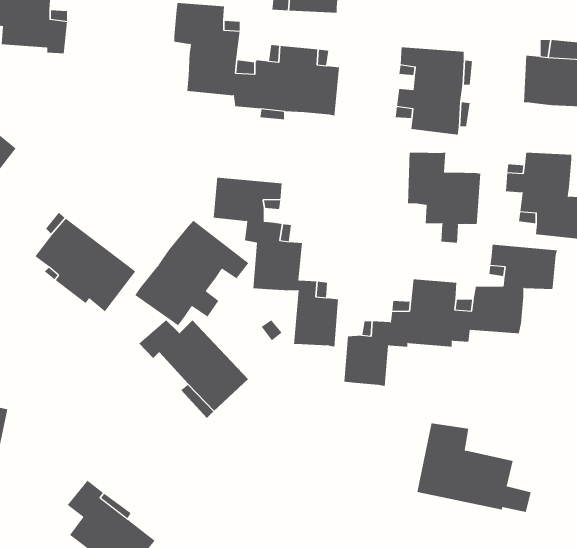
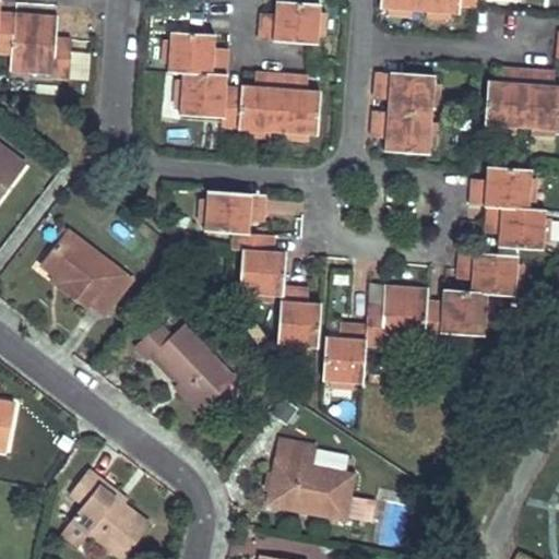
building: [407,152,481,243] -> none
building: [134,220,249,326] -> none
building: [416,423,531,512] -> [265,438,370,520]

